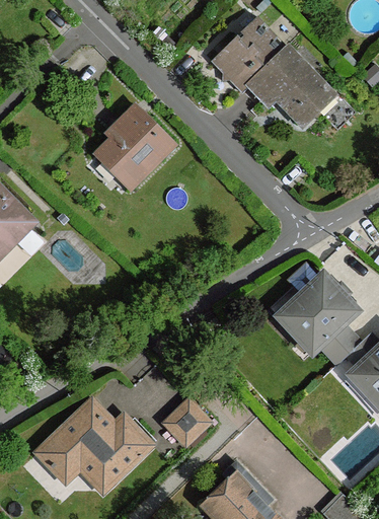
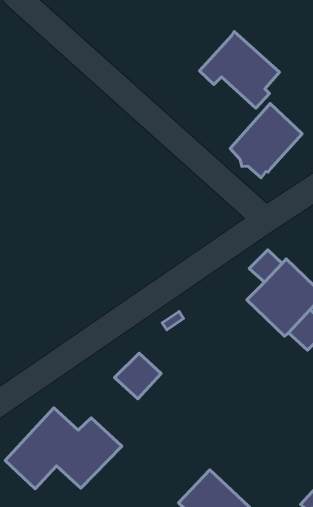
building: [213,20,284,92] -> [230,104,302,178]
building: [96,105,174,188] -> none
building: [163,400,209,445] -> [115,353,161,399]

